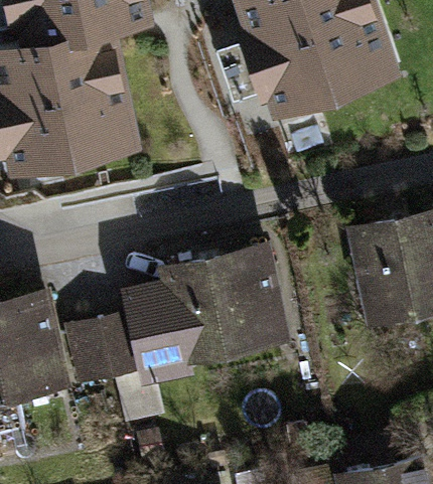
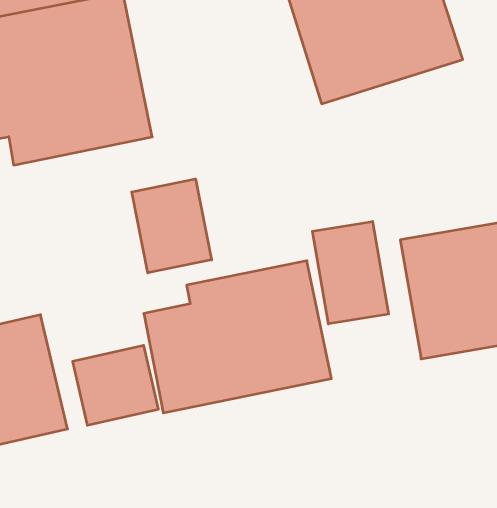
building: none -> [132,179,212,273]
building: none -> [312,221,389,324]

